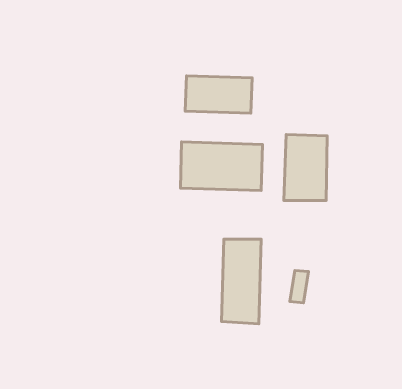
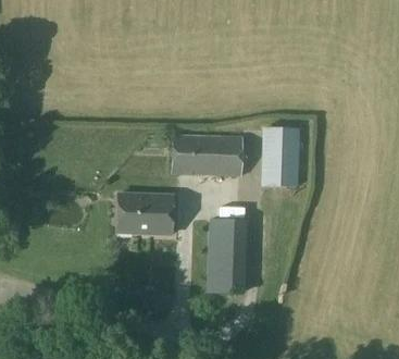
building: [185,76,252,113] -> none
building: none -> [117,193,173,234]

